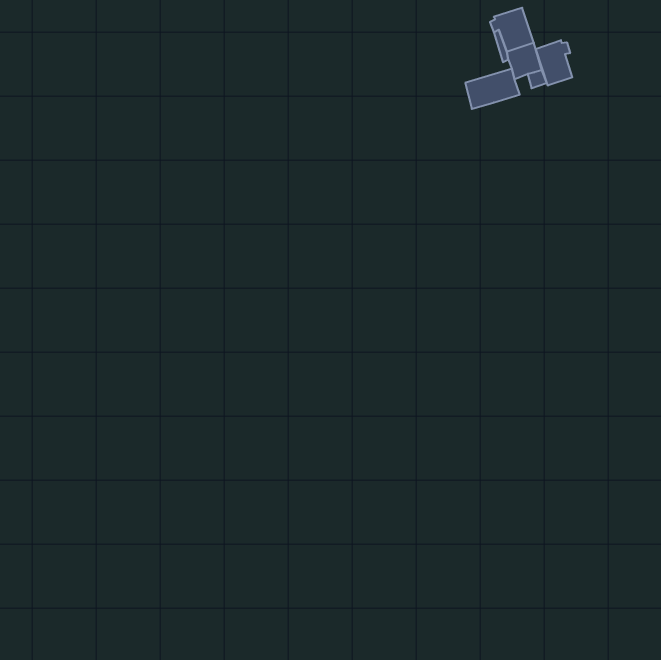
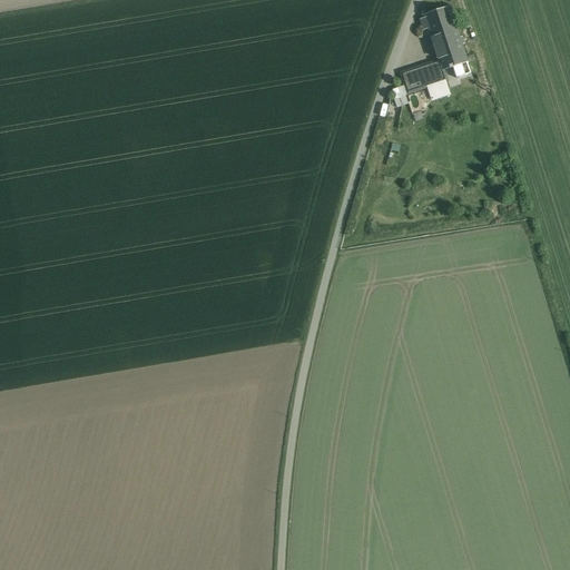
building: [536,40,572,86] -> none

